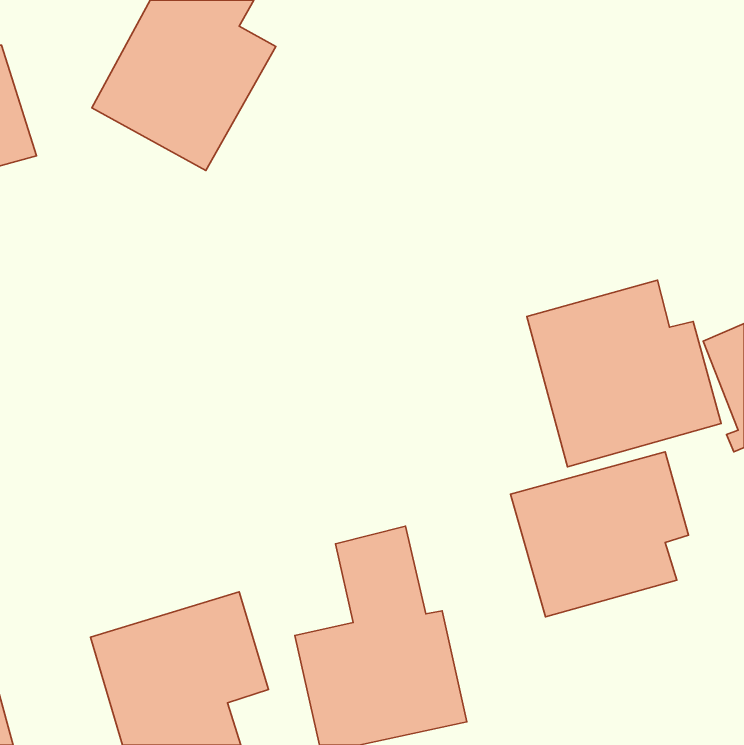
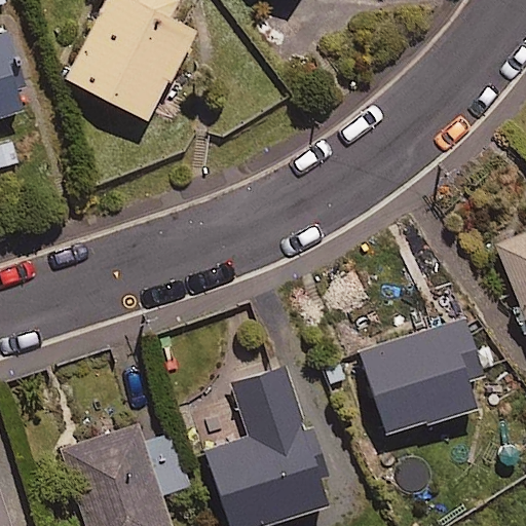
building: [527,280,721,467] -> none

